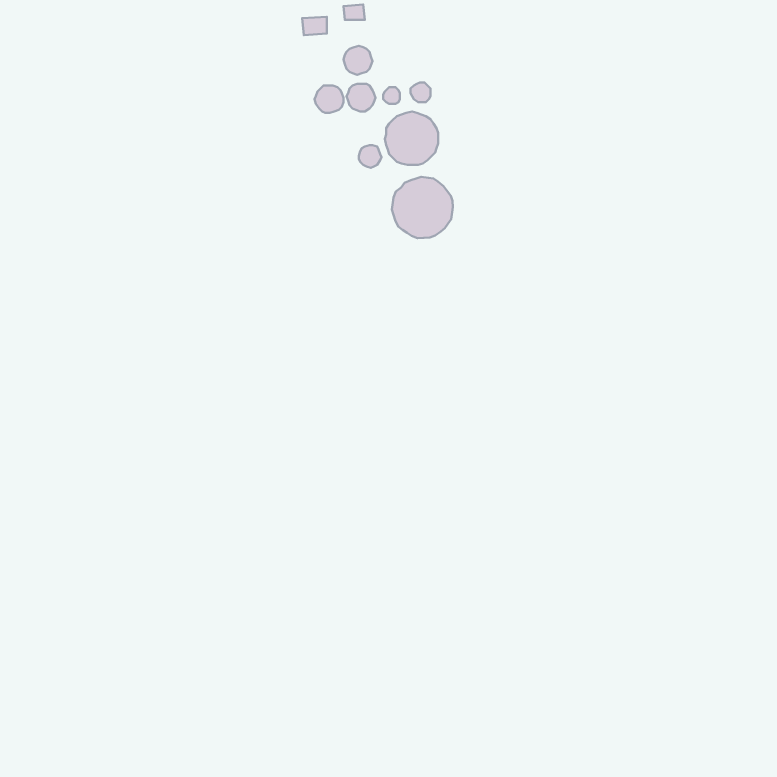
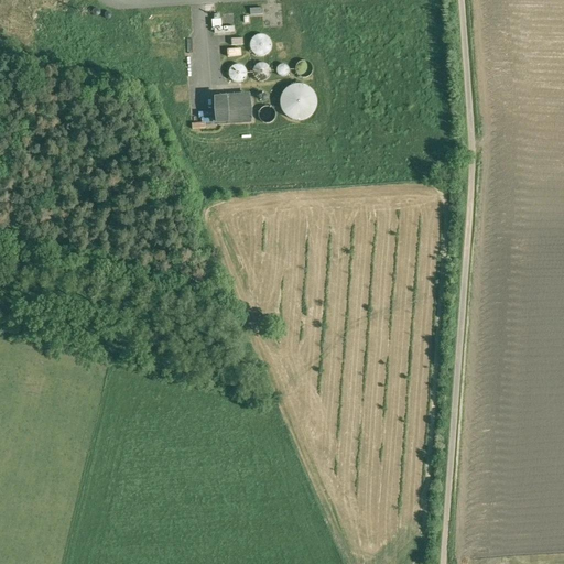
building: none -> [215,94,252,121]
building: [392,177,453,238] -> none

